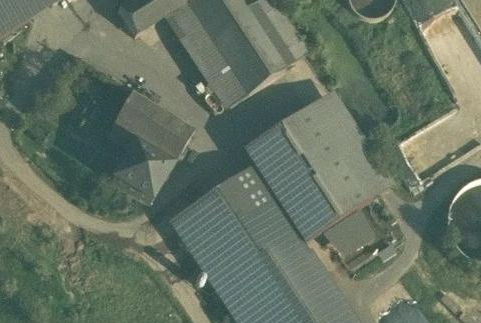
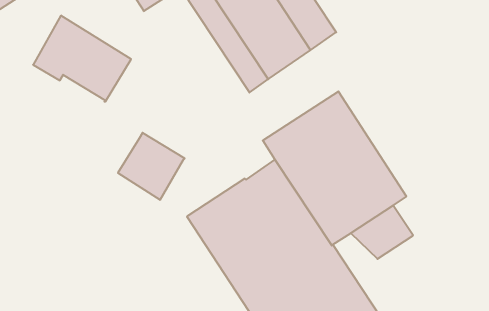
building: [105,90,193,167] -> [33,16,131,102]
building: [308,91,392,200] -> none

